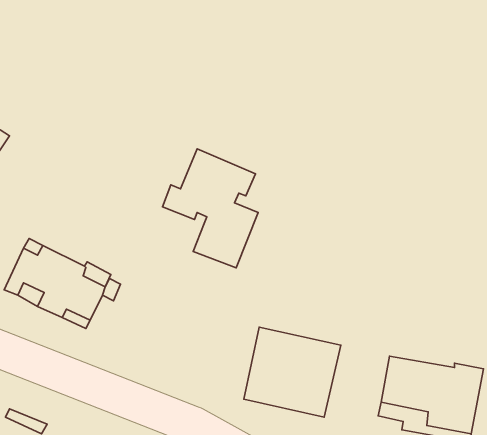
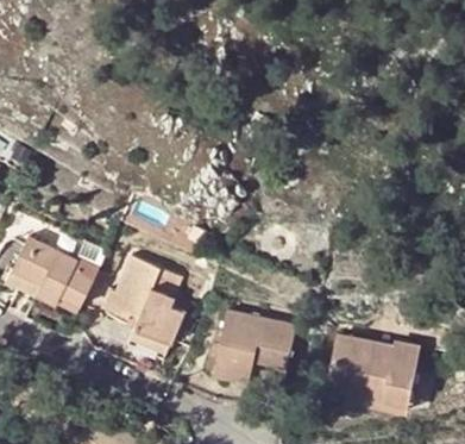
building: [163,149,258,268] -> [100,256,182,358]

